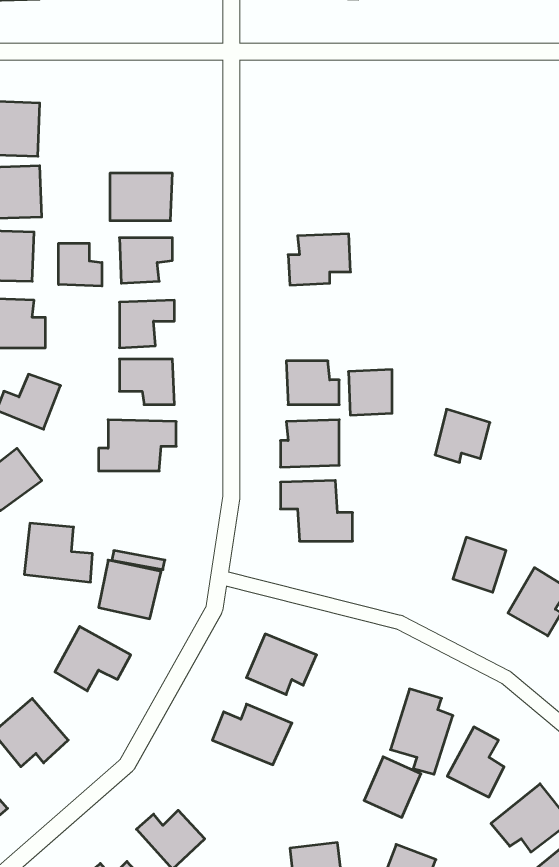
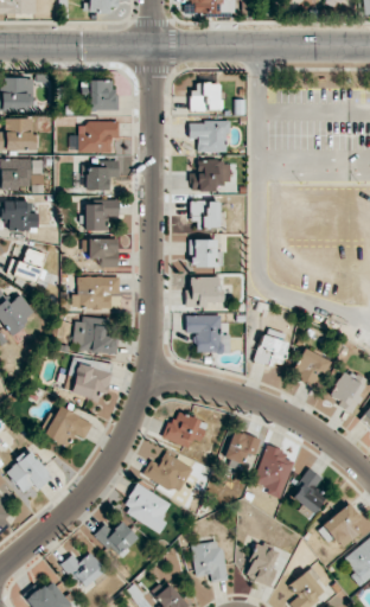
building: none -> [82,79,117,110]
building: none -> [191,82,223,111]
building: none -> [189,120,230,152]
building: [59,243,102,286] -> none
building: [348,370,392,415] -> [192,200,219,229]
building: [435,409,490,462] -> [255,333,289,366]
building: [24,523,92,582] -> [76,318,119,354]
building: none -> [122,483,172,532]
building: [364,757,421,817] -> [224,429,260,467]

